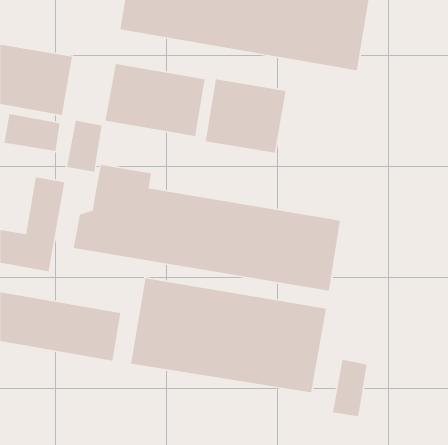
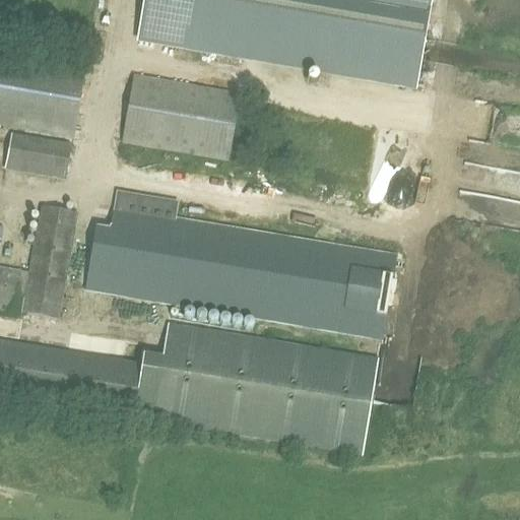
building: [205,79,286,154] -> none
building: [66,120,103,172] -> none
building: [332,359,367,417] -> none

